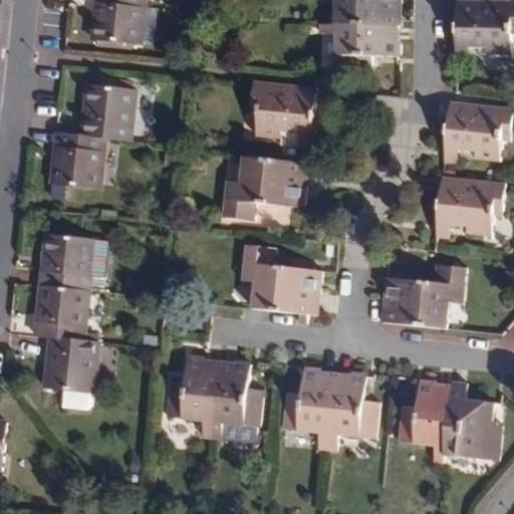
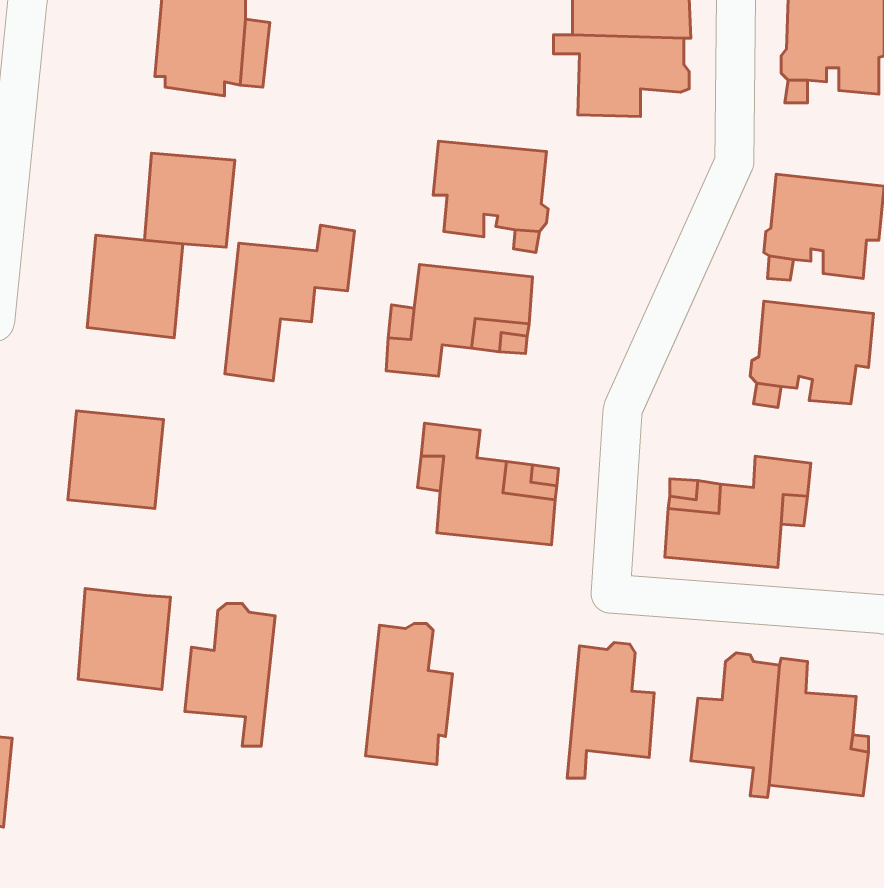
building: none -> [225,225,354,381]
building: [34,288,89,343] -> none
building: [167,353,219,436] -> [185,604,275,746]
building: [283,365,334,449] -> none

